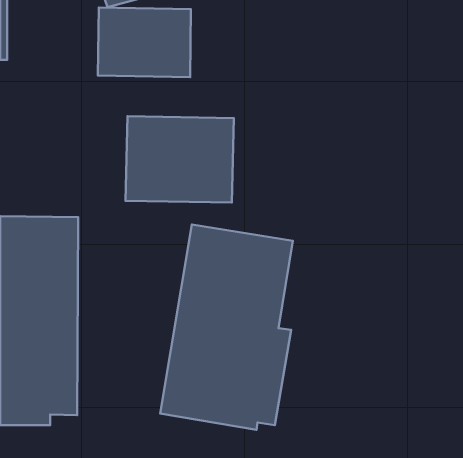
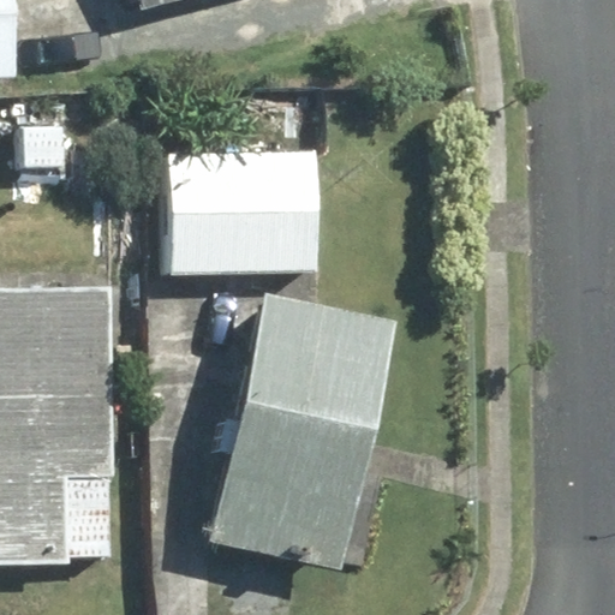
building: [98,8,191,77] -> none

